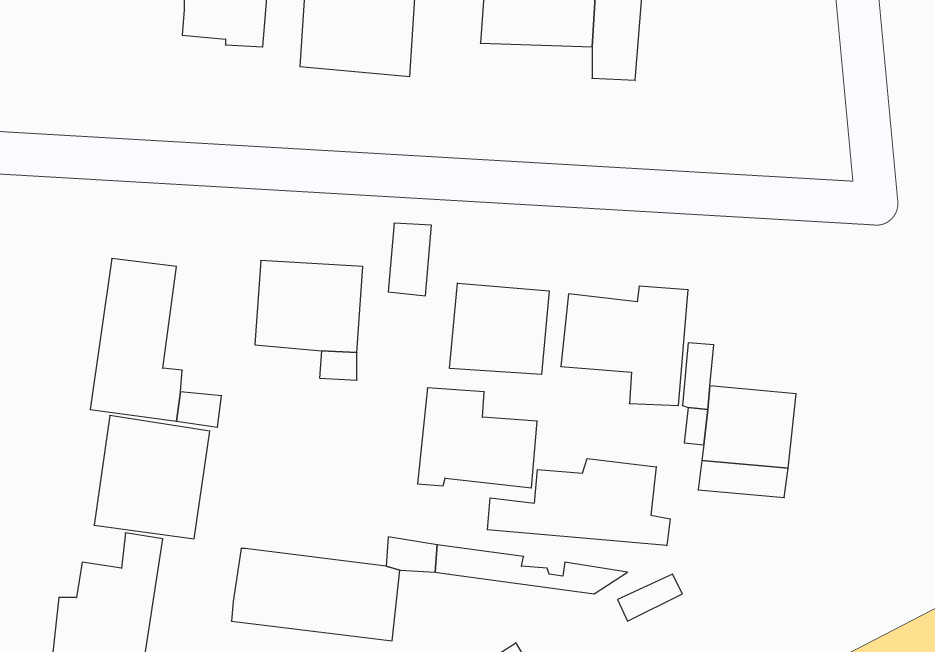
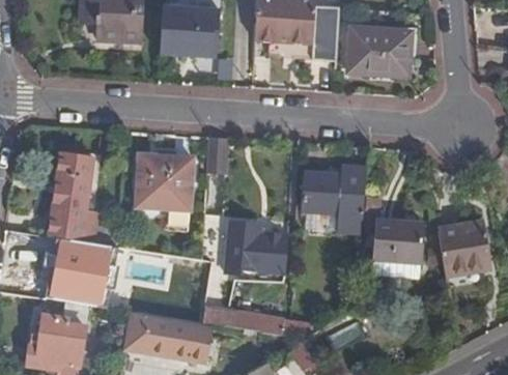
building: none -> [348,29,411,74]
building: [450,283,549,374] -> none
building: none -> [433,220,486,270]
building: [487,459,670,546] -> none

